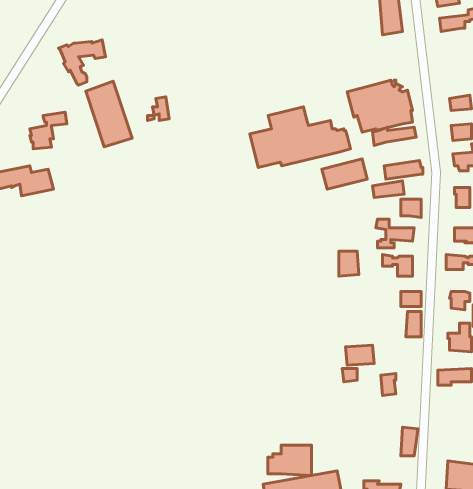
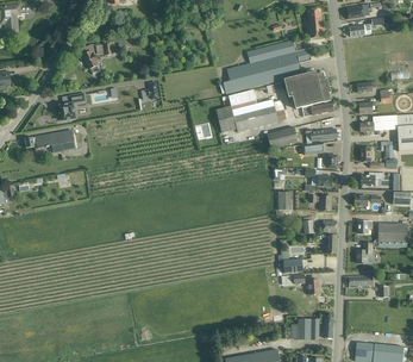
building: none -> [223,39,311,93]
building: [86,81,132,147] -> none
building: [268,445,311,475] -> [288,318,319,339]

